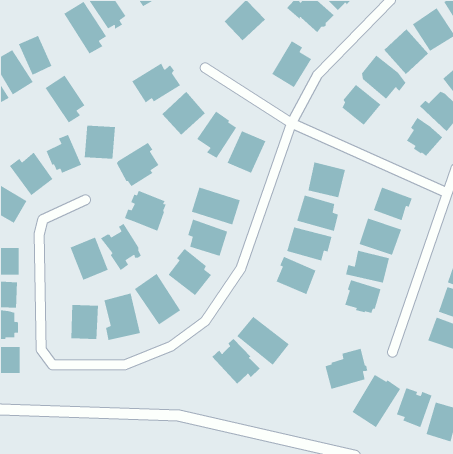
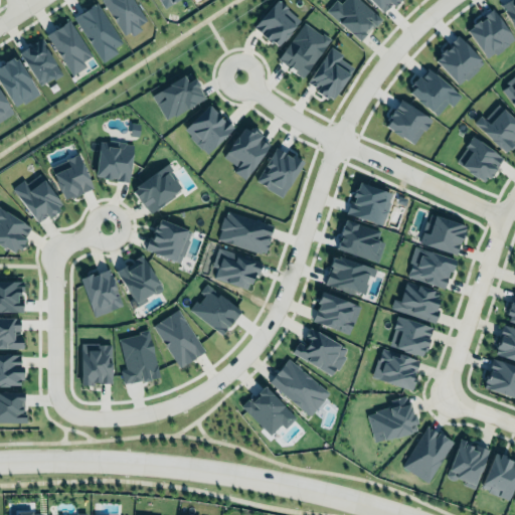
building: none -> [280,23,332,79]
building: [44,74,85,123] -> [47,21,94,76]
building: none -> [295,327,350,378]
building: none -> [373,349,419,391]

